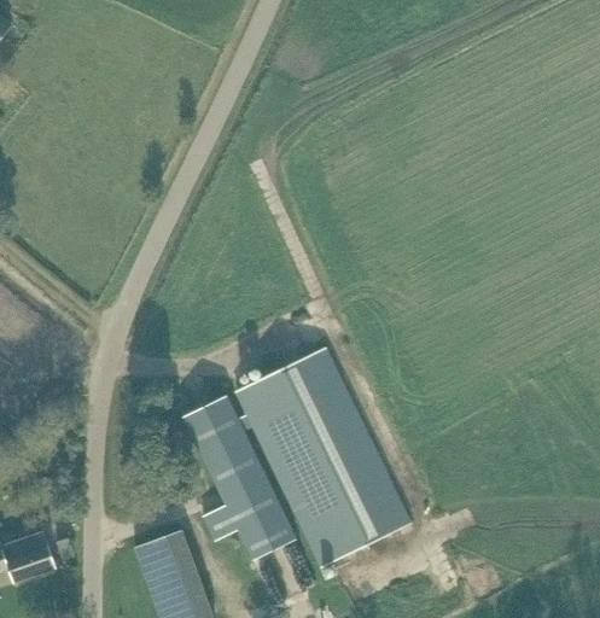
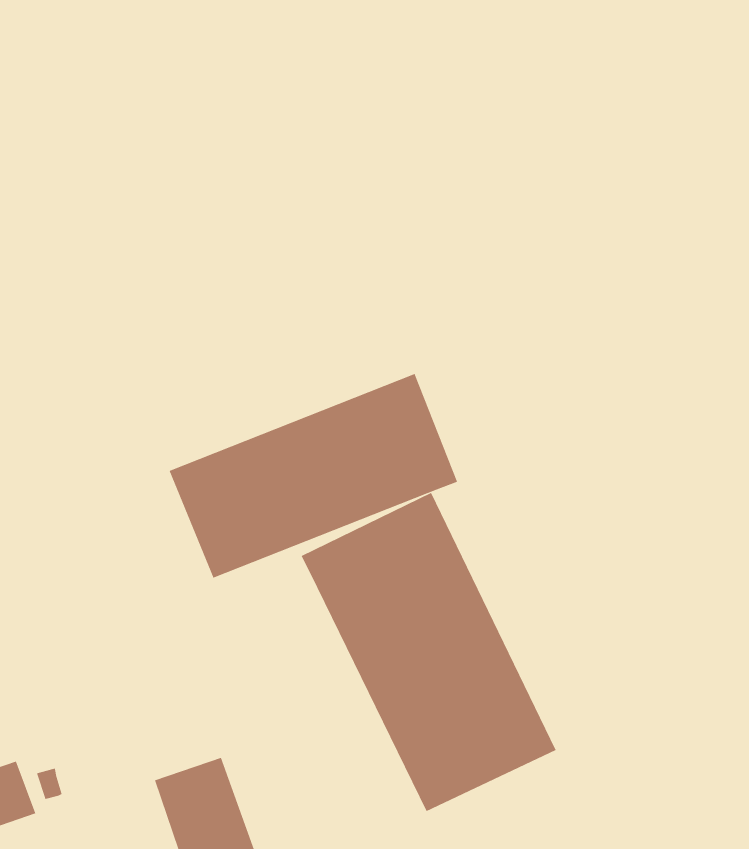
building: none -> [169,373,458,579]
building: [181,396,298,565] -> none

